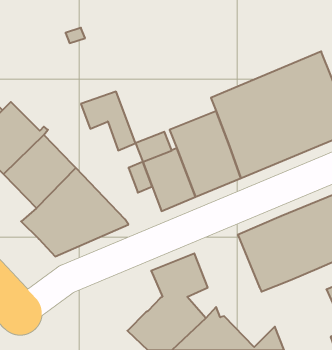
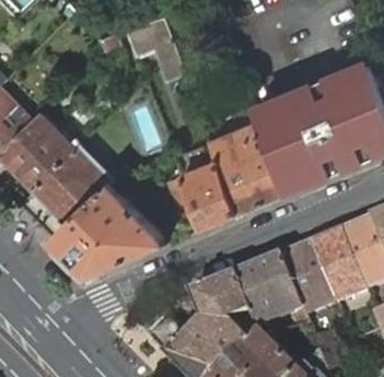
building: [81,92,136,150] -> [125,16,183,79]
building: none -> [236,252,305,327]

